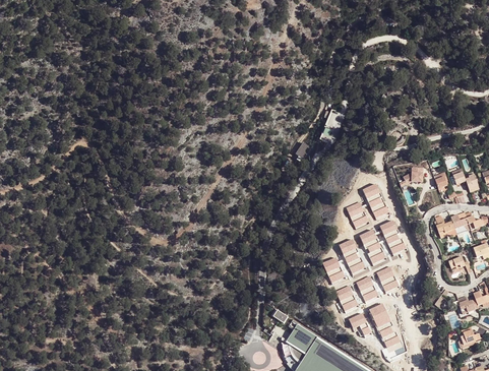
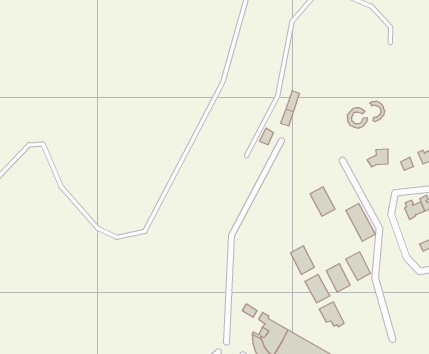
building: [363,182,390,219] -> none
building: [359,229,386,265] -> none
building: [339,238,366,274] -> none
building: [369,302,405,357] -> none

